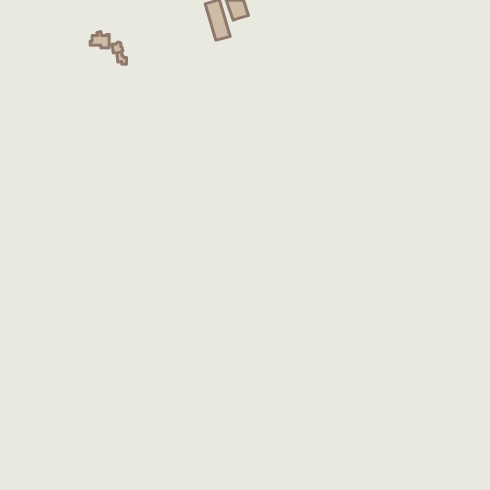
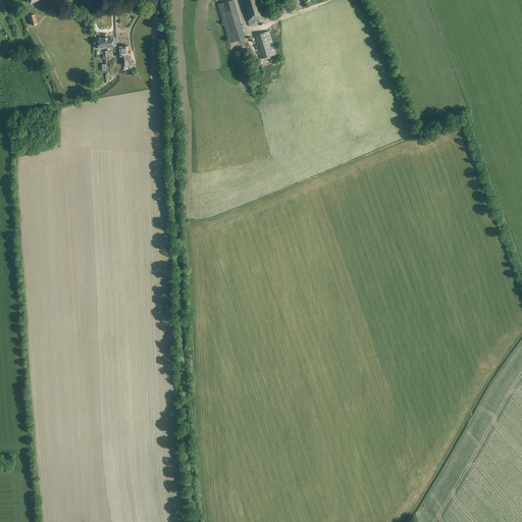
building: none -> [254,31,275,59]

